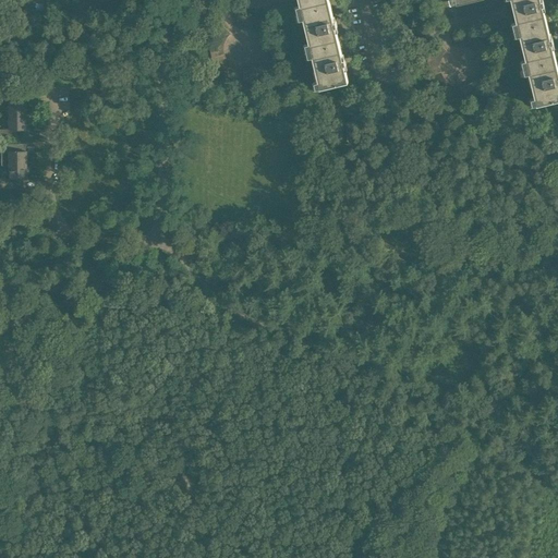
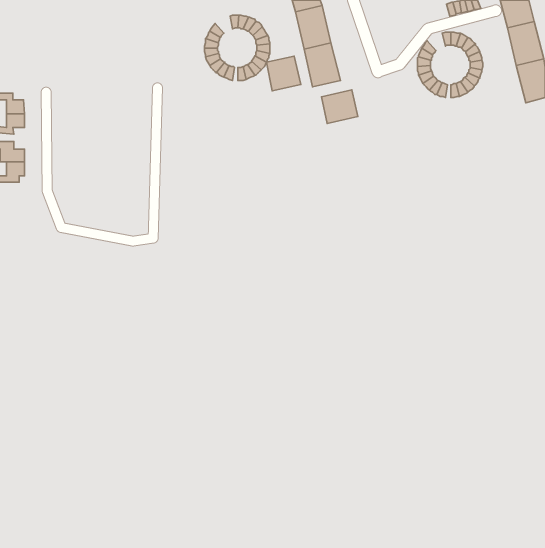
building: none -> [267,56,301,91]
building: none -> [321,90,358,124]

